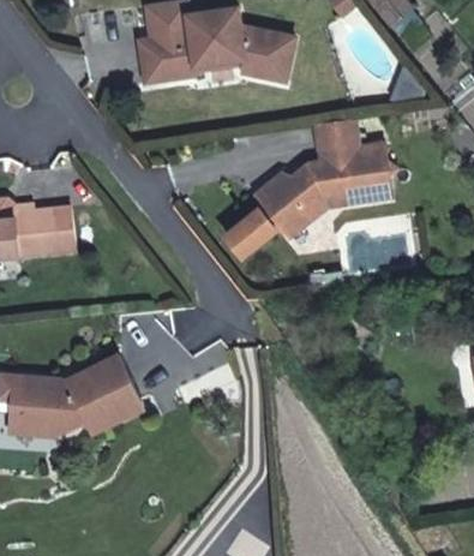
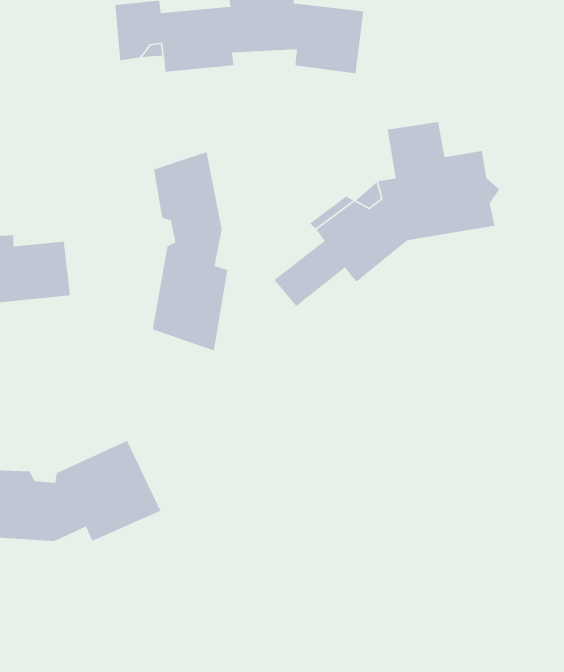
building: none -> [152,151,228,351]

